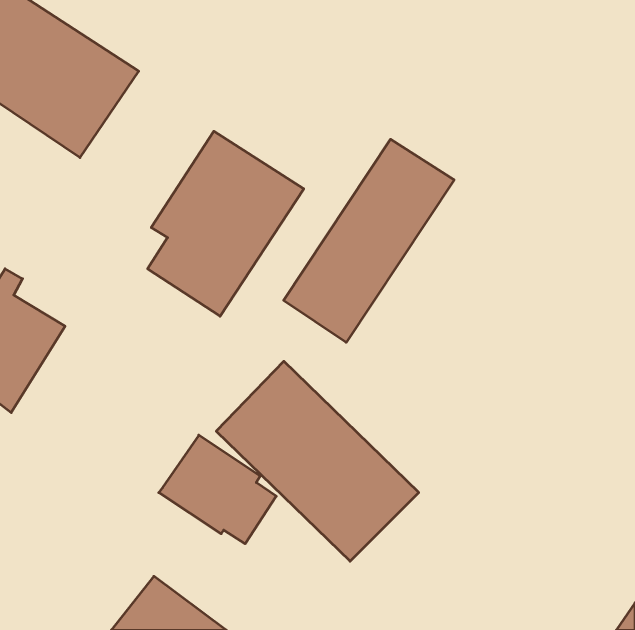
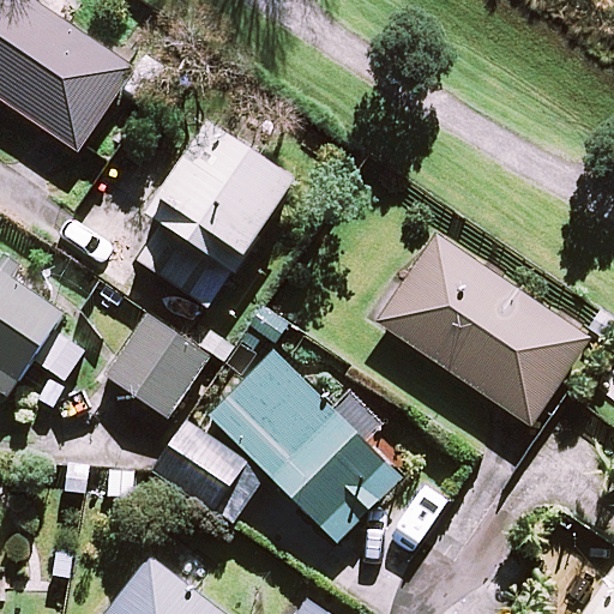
building: [284,139,454,342] -> none
building: none -> [375,231,589,422]
building: none -> [109,318,211,417]

